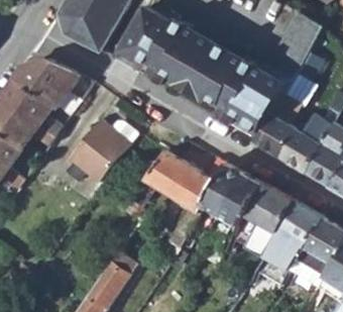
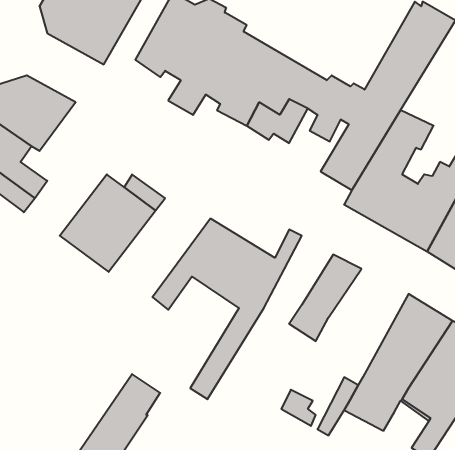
building: [211,80,257,124] -> none
building: [203,162,247,218] -> none
building: [244,183,296,252] -> none

